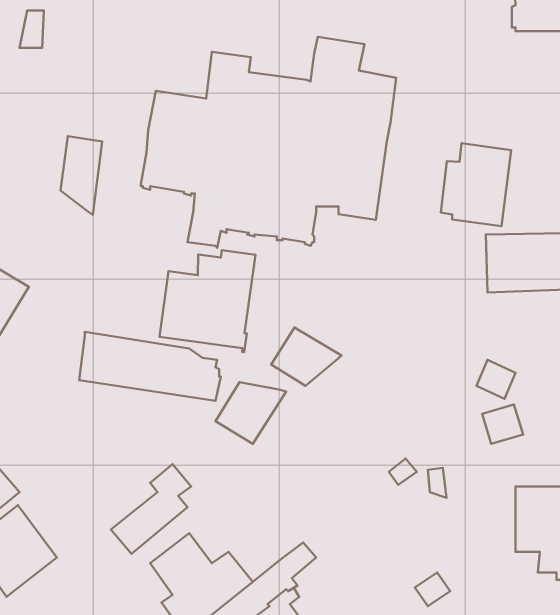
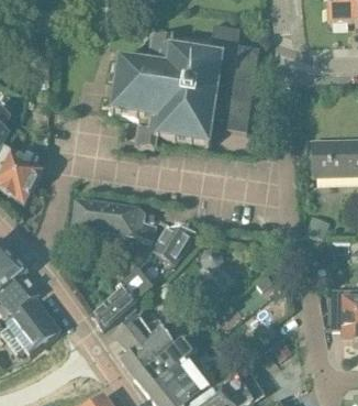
building: [60,136,102,215] -> none
building: [441,143,511,226] -> none
building: [159,250,255,352] -> none
building: [271,328,342,386] -> none

